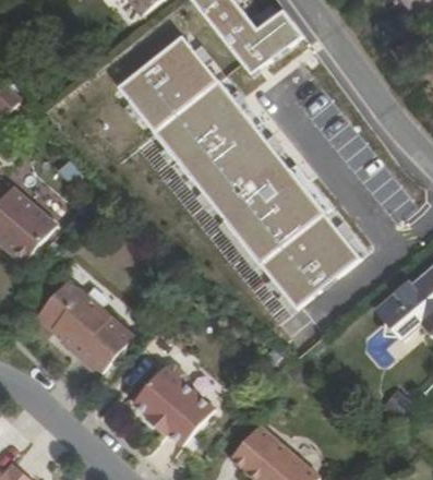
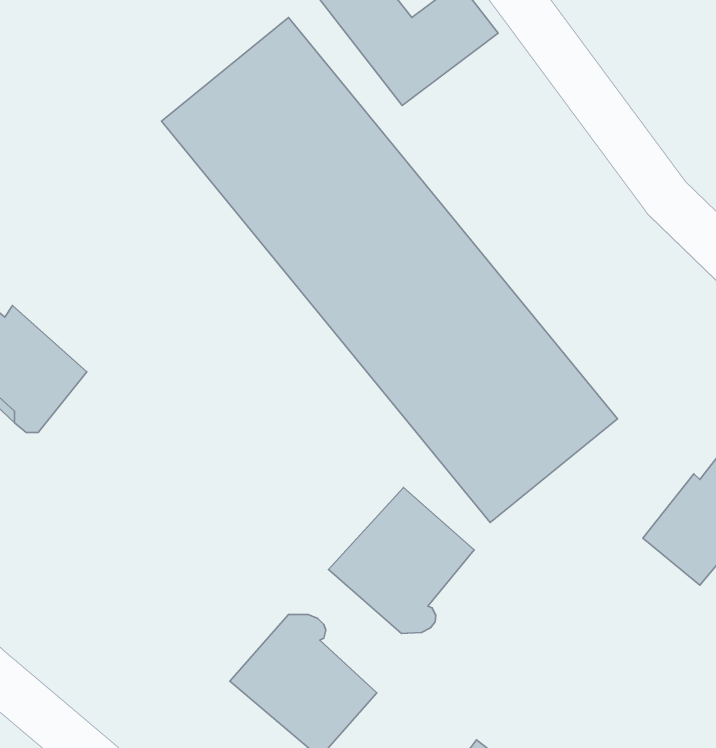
building: [43,281,142,376] -> none
building: none -> [329,488,474,633]

